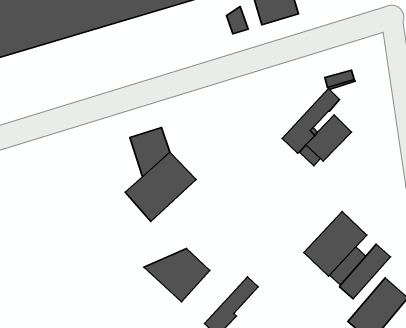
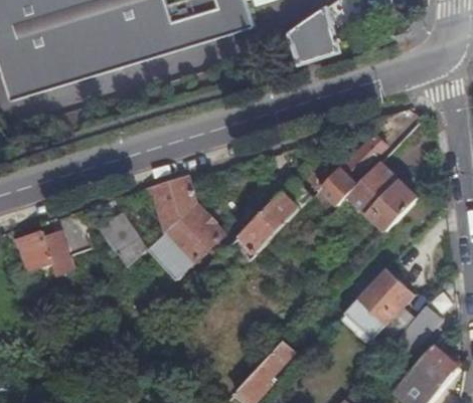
building: none -> [239,180,311,254]
building: none -> [365,181,416,231]
building: none -> [97,211,147,266]
building: none -> [18,230,92,274]
building: [144,248,210,302] -> none

